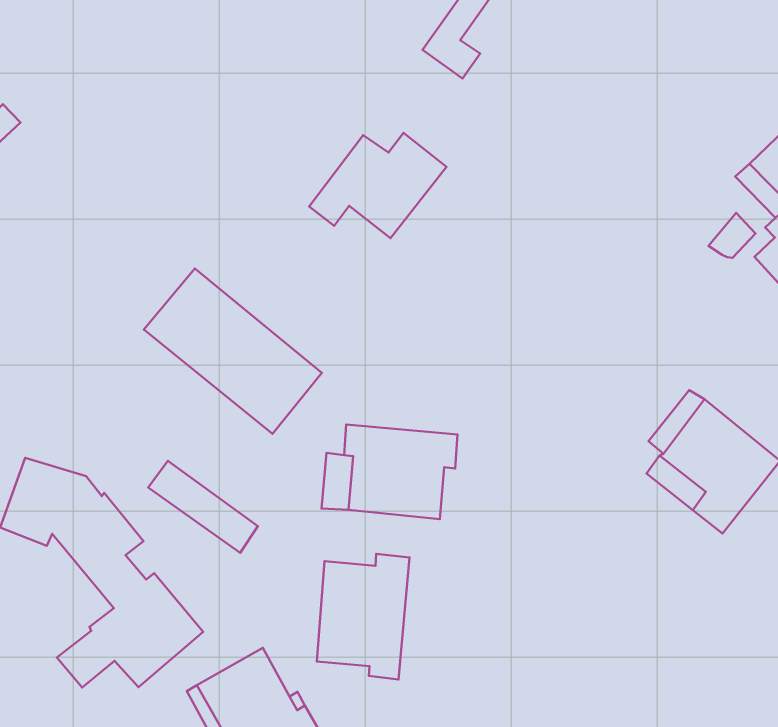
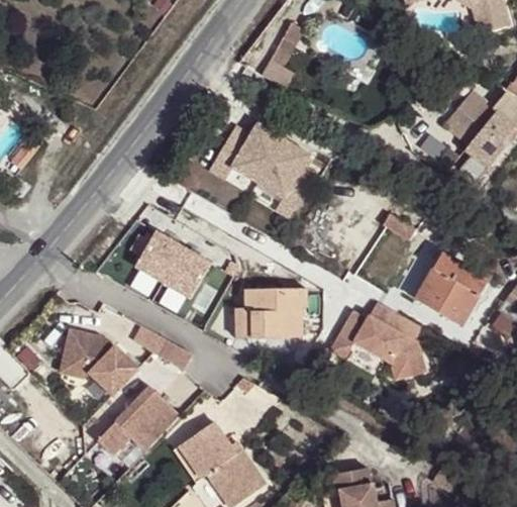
building: none -> [255,140,315,220]
building: none -> [340,300,433,382]
building: [317,554,409,679] -> none

